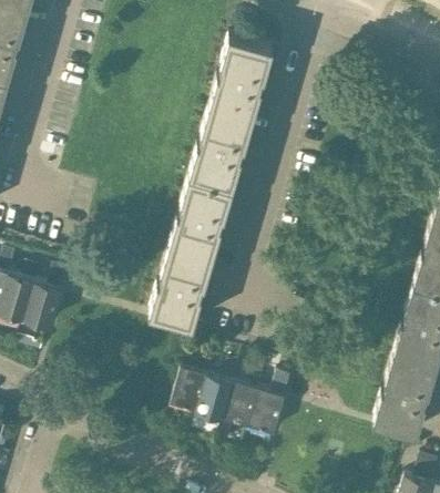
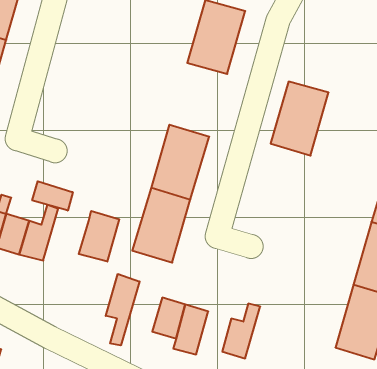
building: [191,106,255,188] -> [271,82,329,156]
building: none -> [32,181,73,211]
building: none -> [79,211,119,262]
building: none -> [106,274,140,345]
building: [224,382,259,427] -> none

